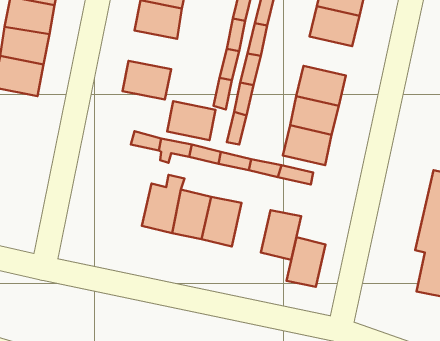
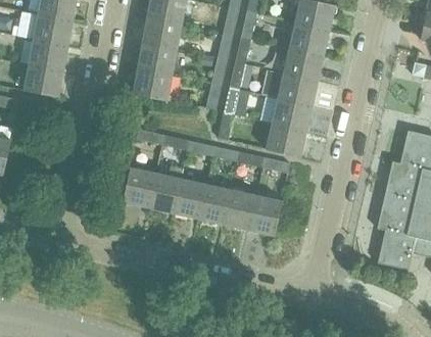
building: none -> [282,48,323,81]
building: [167,101,216,140] -> [135,43,176,76]
building: none -> [121,165,154,207]
building: [287,237,326,287] -> [222,188,254,230]

